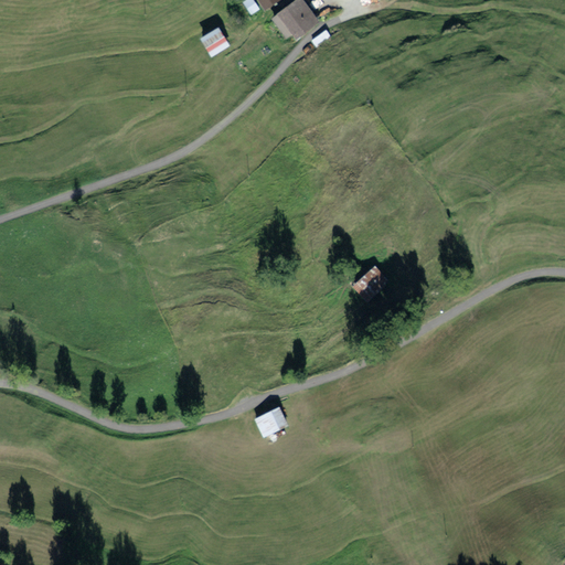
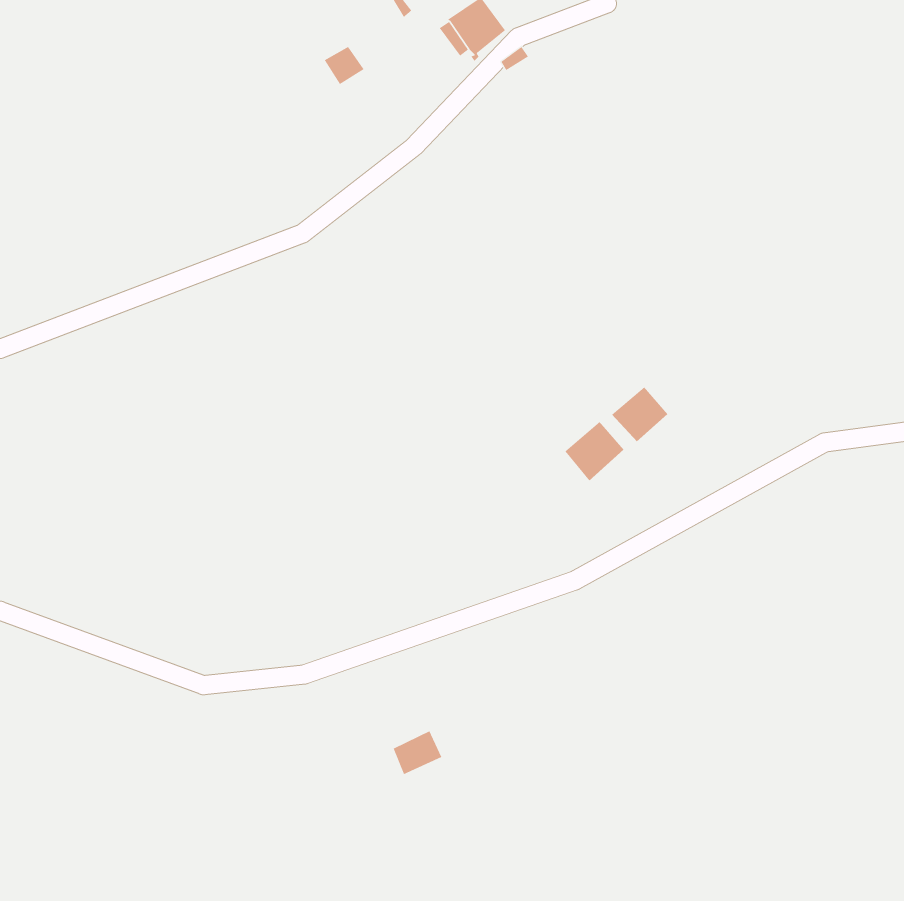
building: none -> [611,387,668,442]
building: [256,407,287,435] -> [393,731,442,775]

